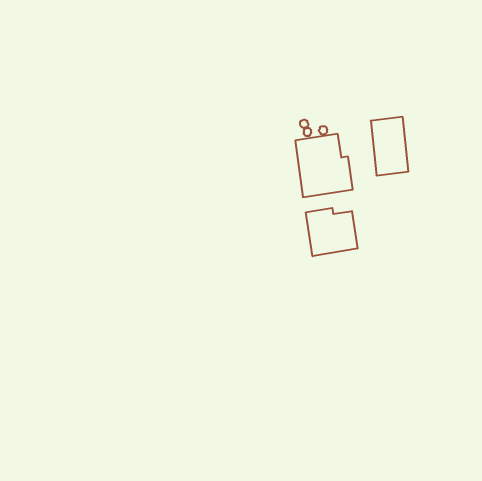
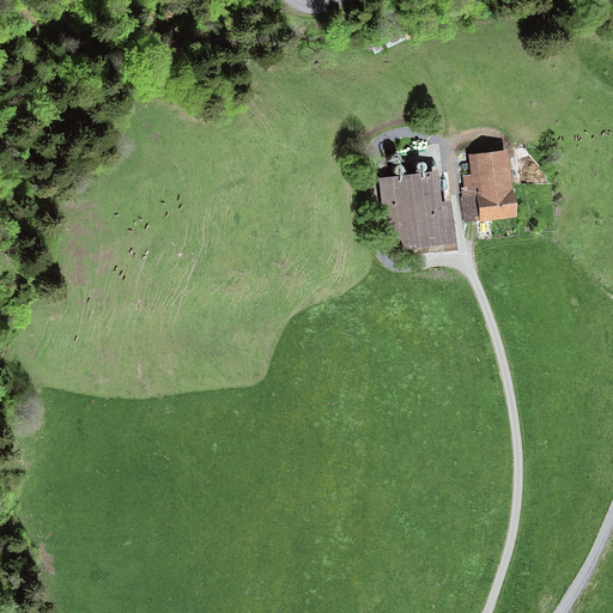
building: [306,208,357,256] -> none

